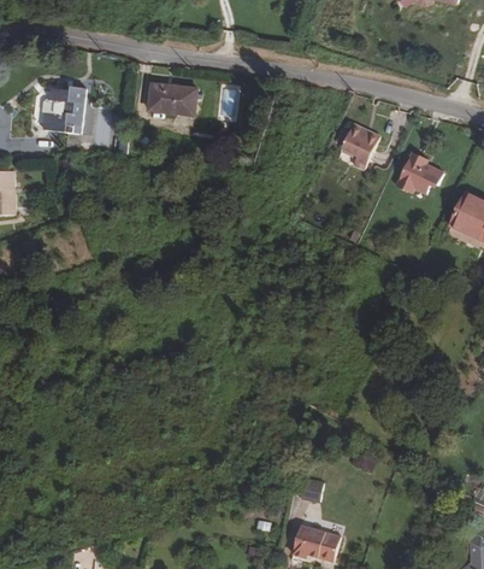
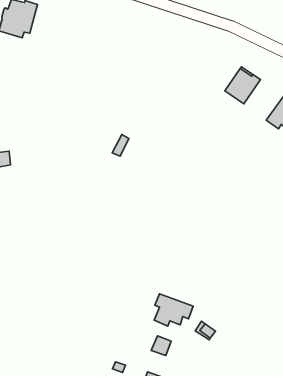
building: [148,84,196,116] -> none
building: none -> [154,294,193,326]

